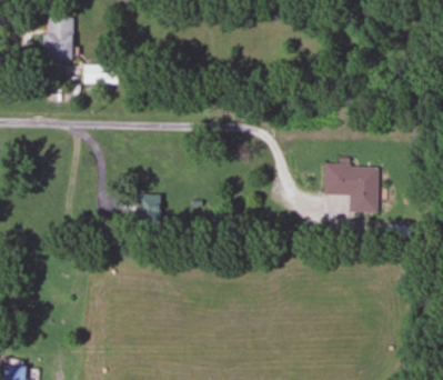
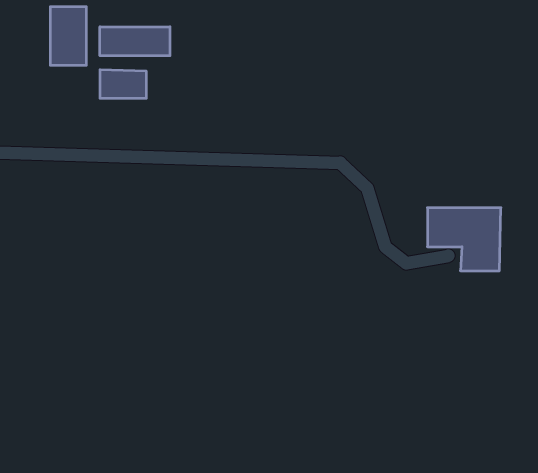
building: none -> [100,27,170,56]
building: [137,193,161,224] -> none

